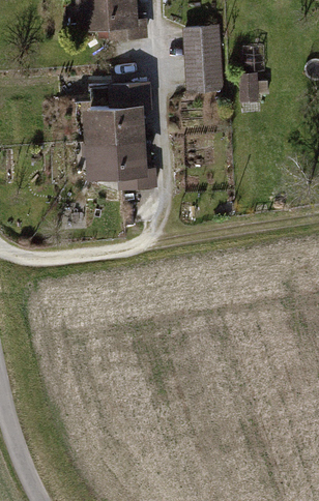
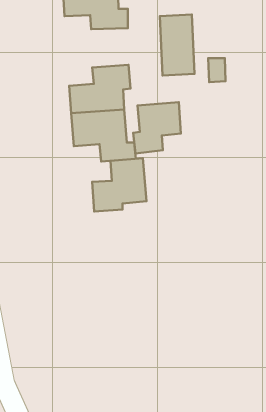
building: none -> [133,102,181,153]
building: none -> [92,158,146,212]

